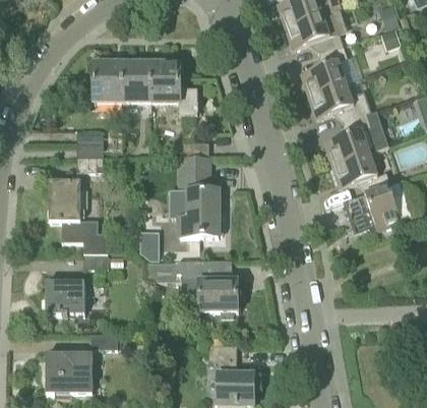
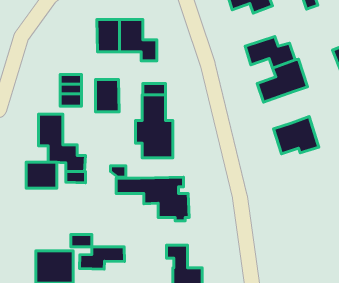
building: [300,44,347,95] -> none
building: [94,61,123,102] -> [96,80,119,112]
building: [331,152,390,191] -> none
building: [46,281,84,313] -> [26,162,57,188]
building: none -> [80,247,125,269]

